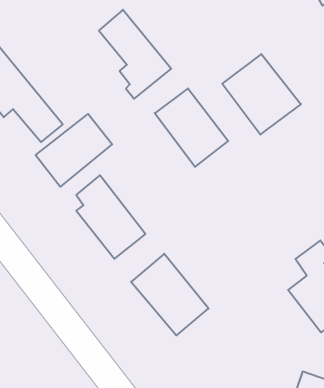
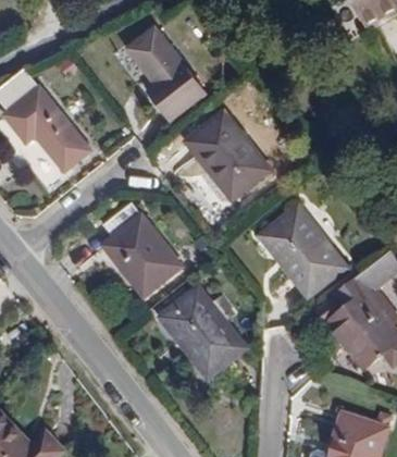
building: [222,54,301,135] -> none
building: [36,114,112,187] -> none
building: none -> [261,206,343,293]

